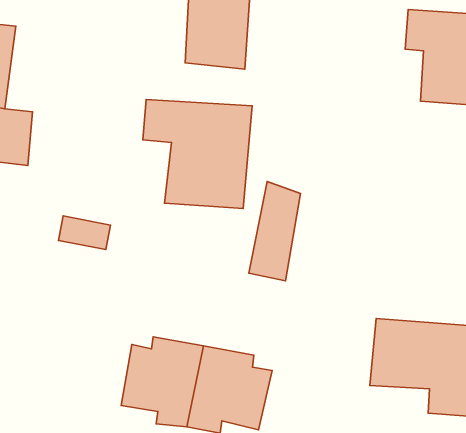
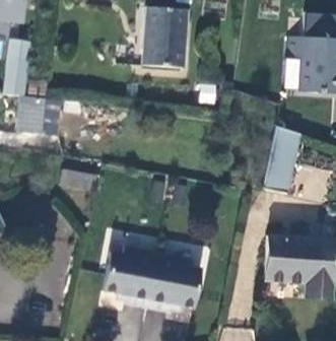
building: [143,99,252,209] -> none
building: [249,181,301,281] -> [265,126,299,192]

